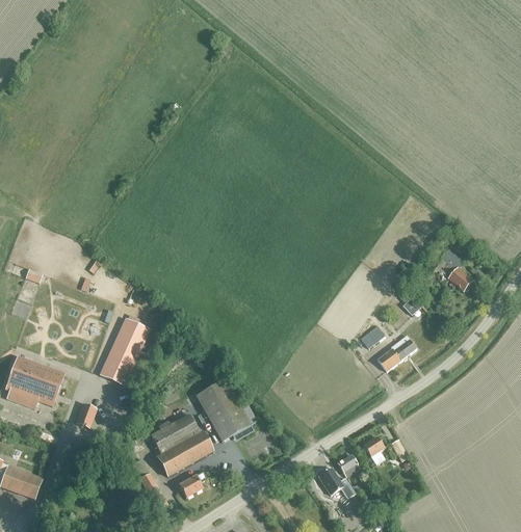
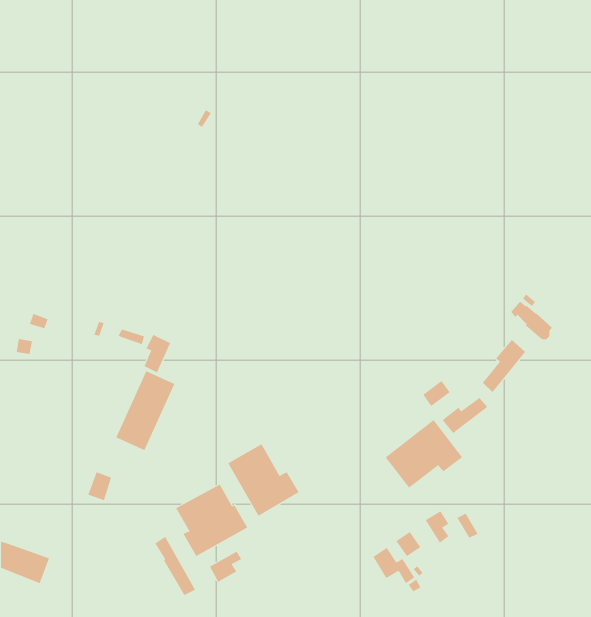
building: none -> [144,334,171,373]
building: none -> [482,339,526,393]
building: [5,355,63,407] -> none
building: none -> [385,419,463,489]

